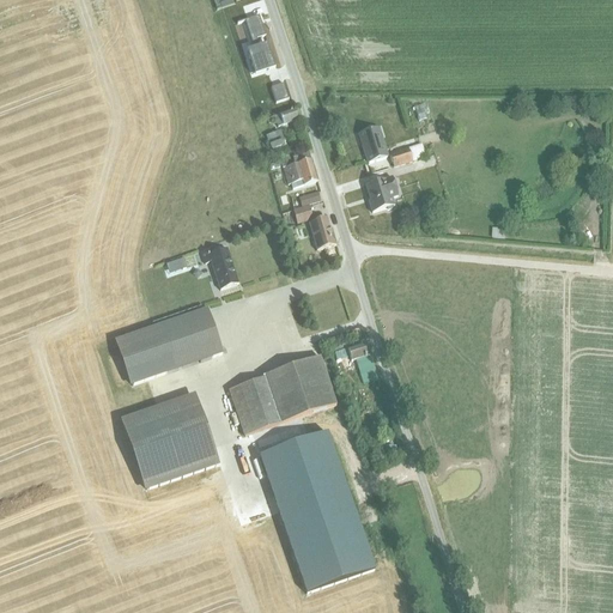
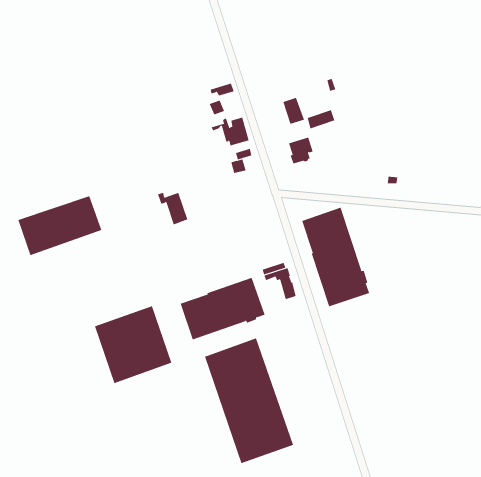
building: [235,12,275,74] -> none
building: [309,214,336,247] -> none
building: none -> [301,207,370,307]
building: [115,305,223,382] -> [17,195,102,256]

